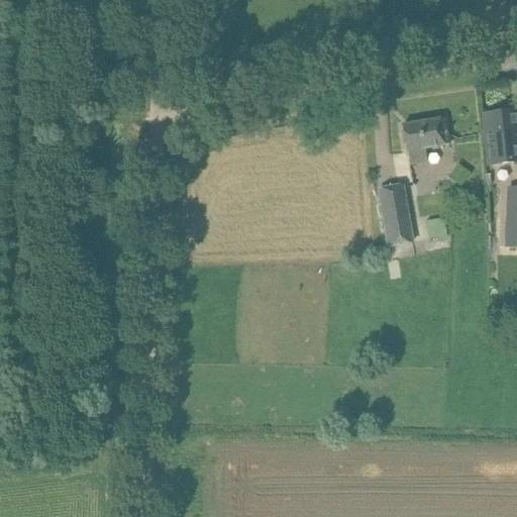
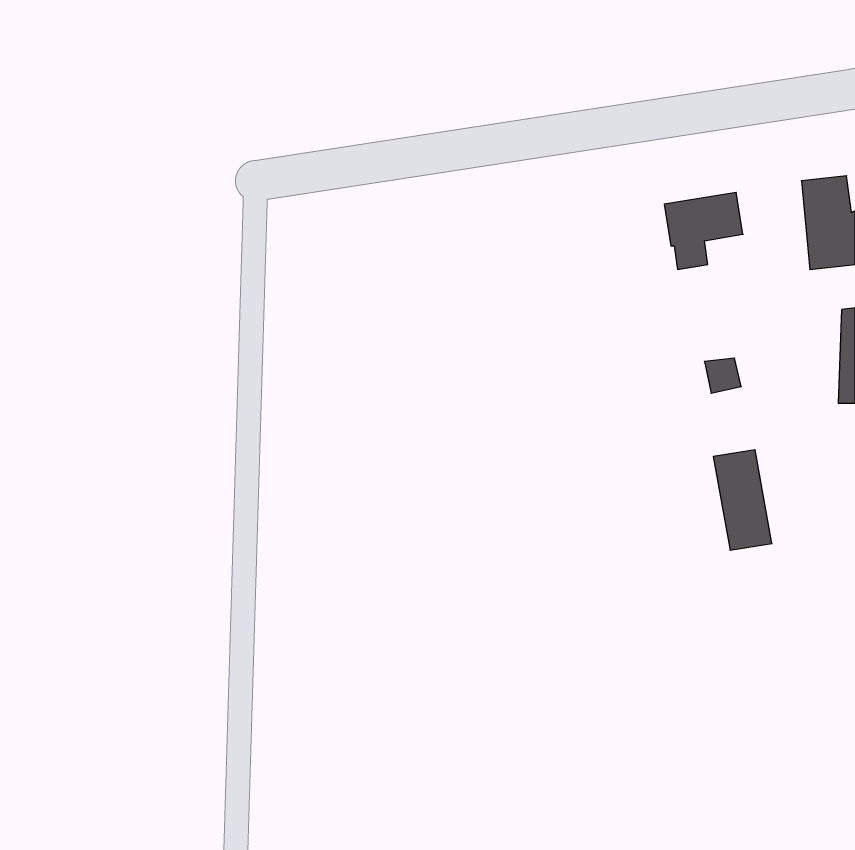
building: [378,183,413,243] -> [713,450,772,550]

